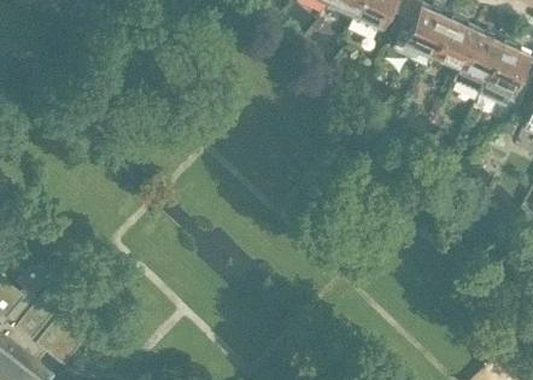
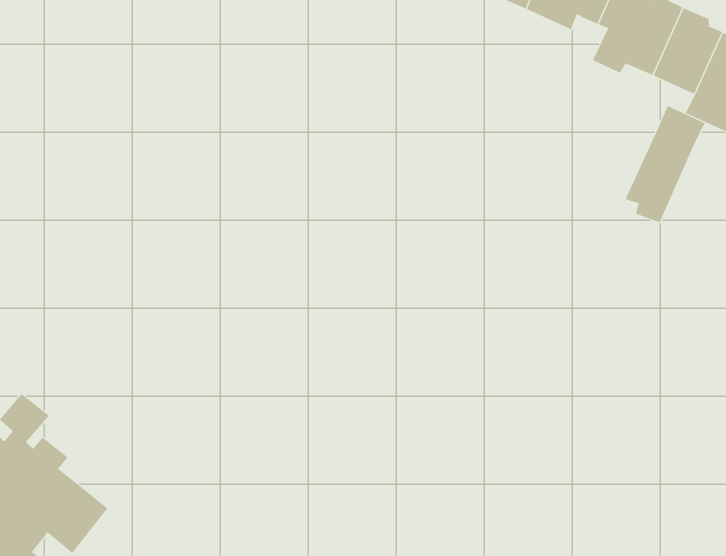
building: none -> [625,105,705,223]

